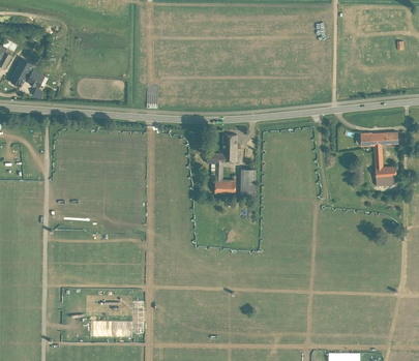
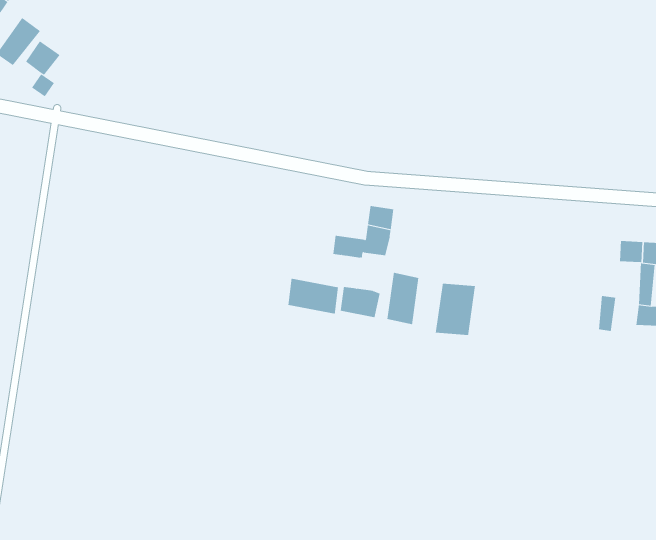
building: none -> [435,283,476,336]
building: none -> [288,278,338,315]

